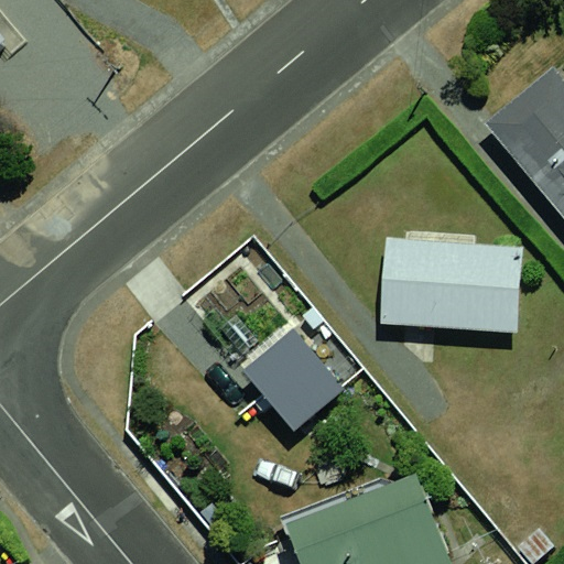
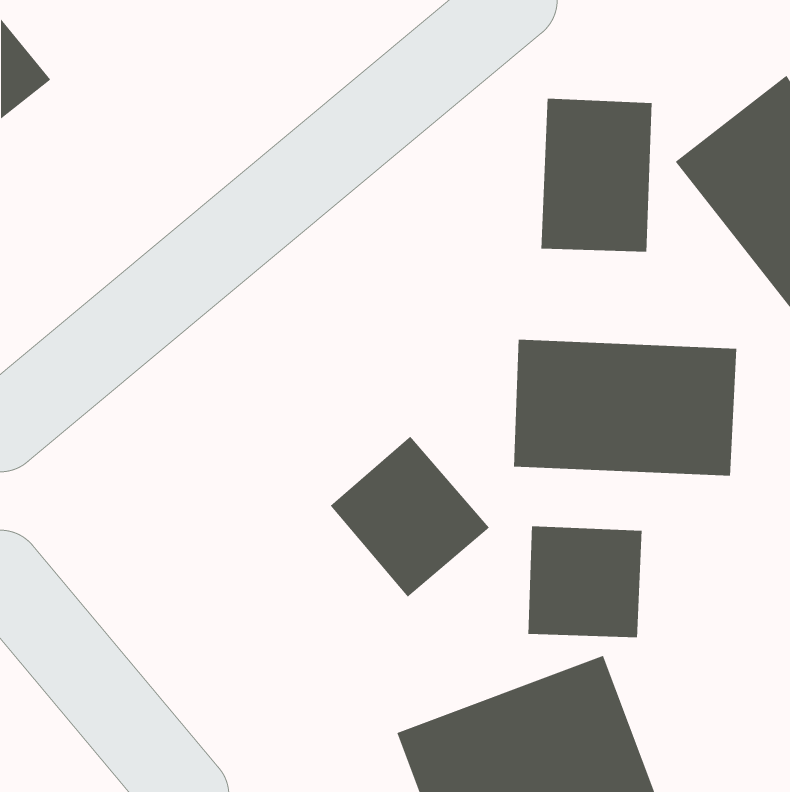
building: none -> [541,98,652,253]
building: none -> [528,525,642,638]

